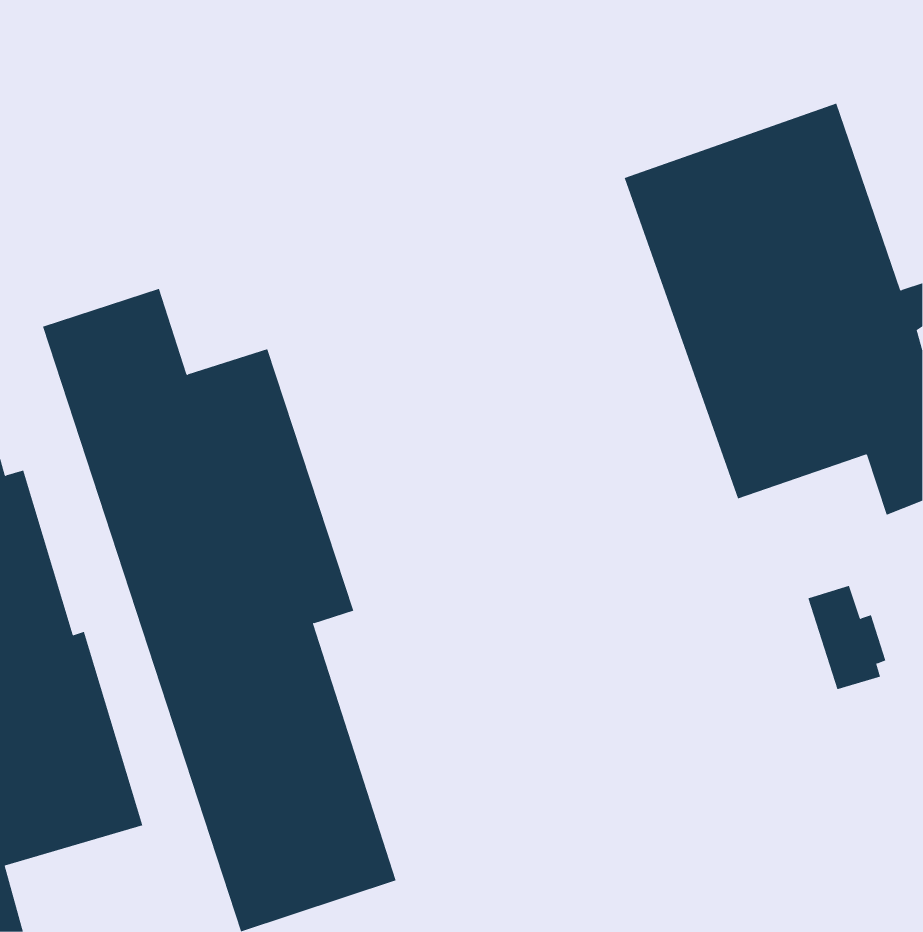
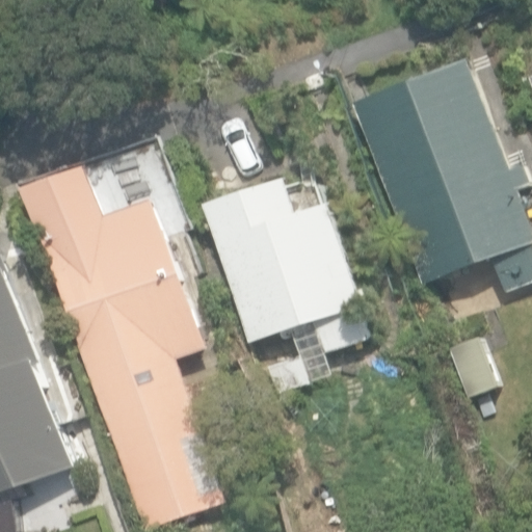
building: none -> [201,178,366,393]

